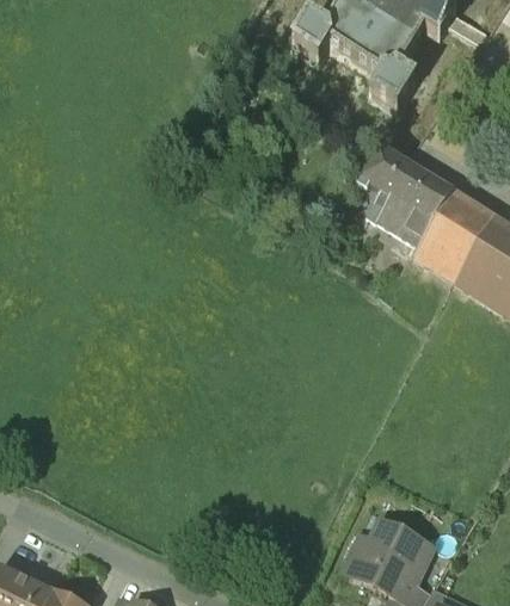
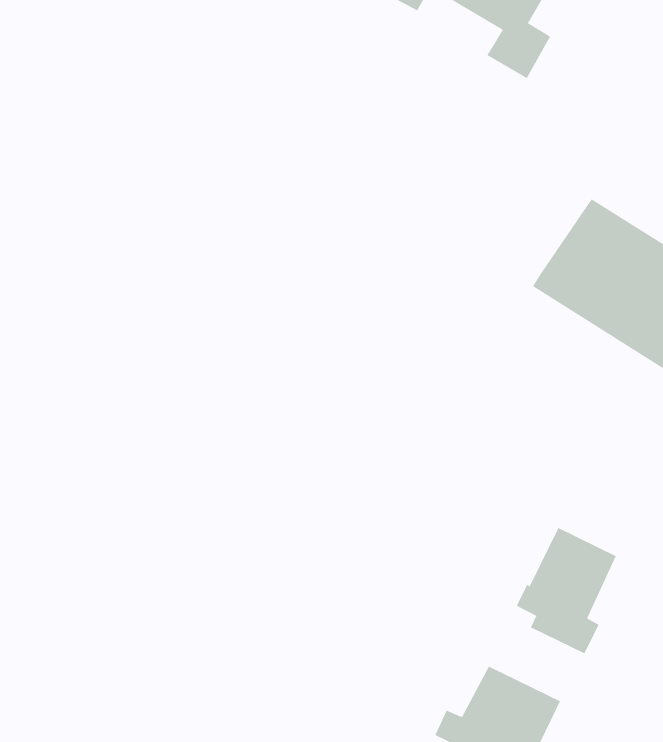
building: [356,146,454,243] -> none
building: none -> [516,527,616,654]

